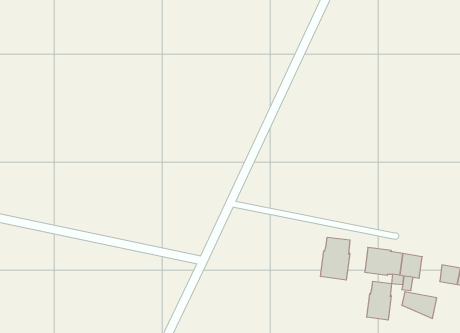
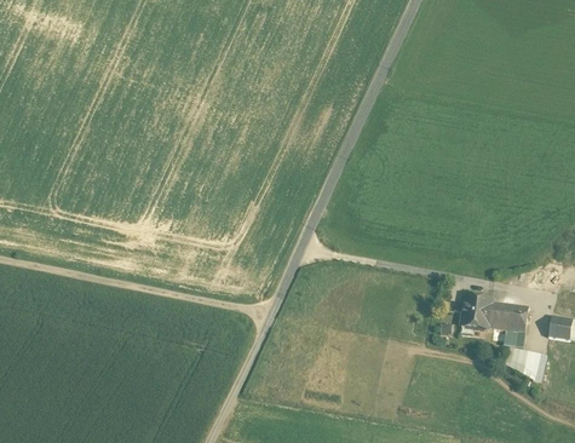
building: [321,237,350,280] -> none
building: [367,281,391,320] -> none

